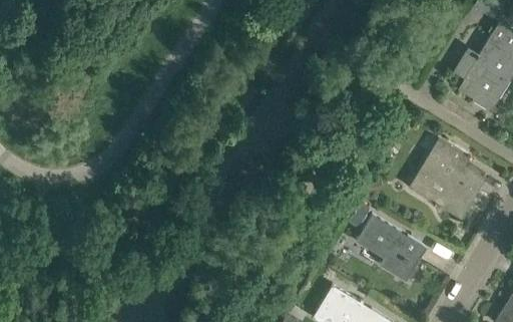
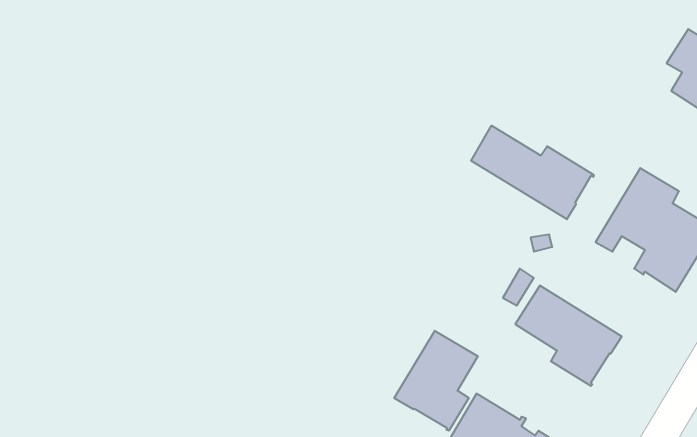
building: none -> [471,126,594,219]
building: none -> [394,331,478,431]

